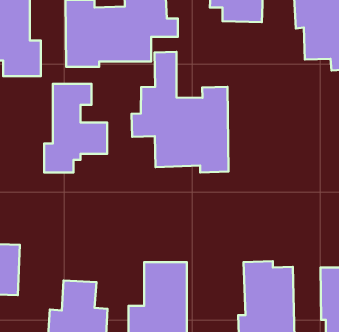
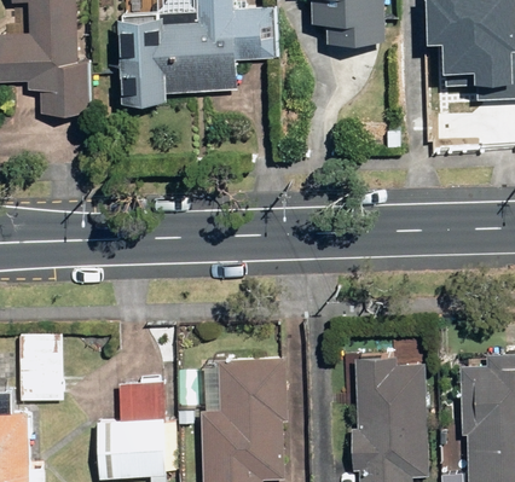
building: [132,52,229,172] -> none
building: [44,84,107,172] -> none

